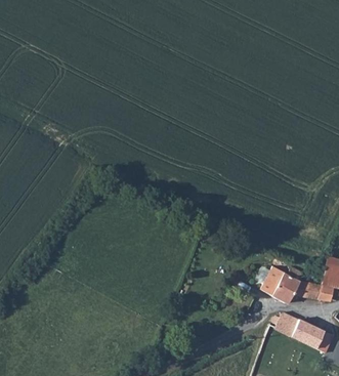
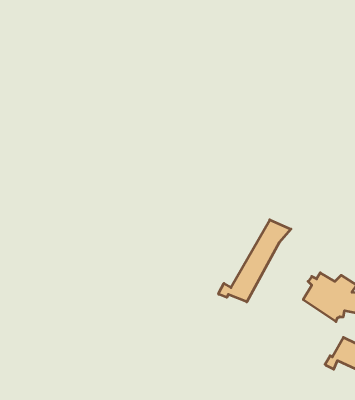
building: none -> [219,220,291,302]

